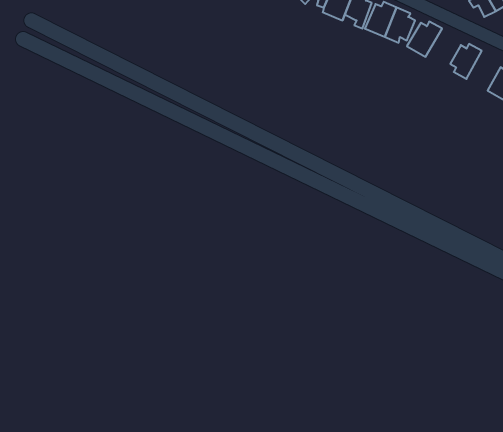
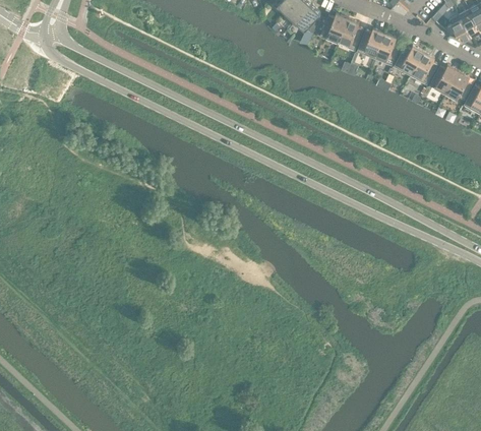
building: none -> [410,52,438,85]
building: none -> [445,71,473,102]

